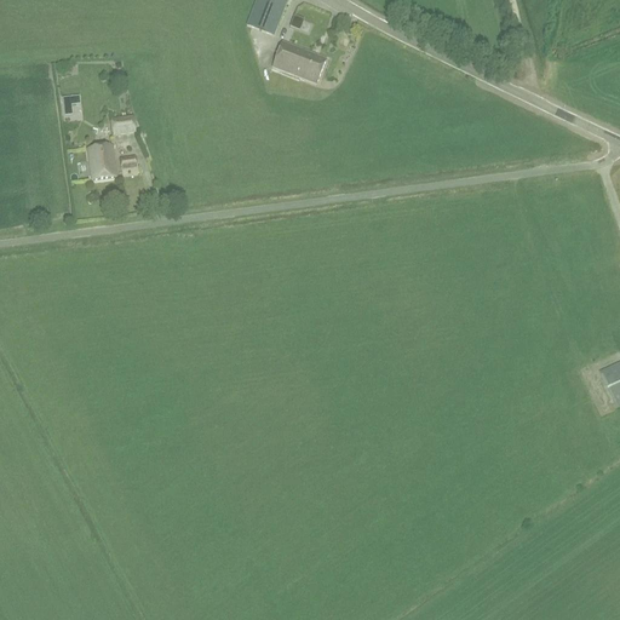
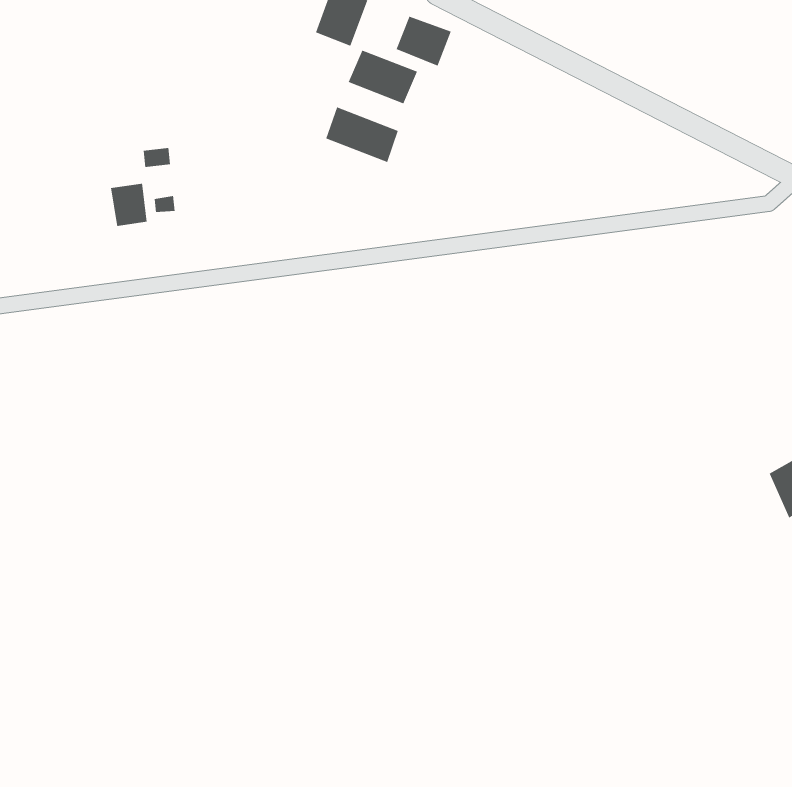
building: none -> [396,16,452,67]
building: none -> [326,106,399,163]

